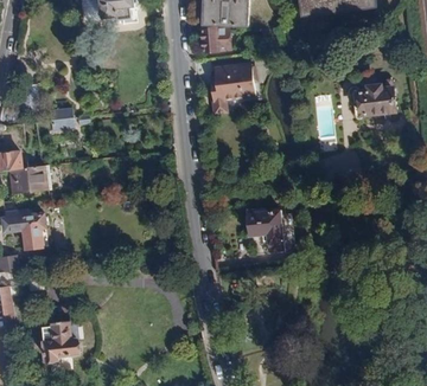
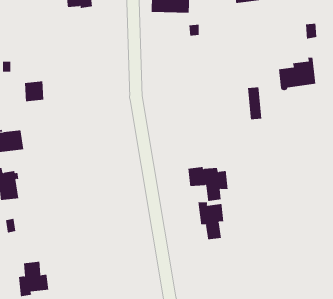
building: [199,26,232,53] -> none
building: [208,63,256,112] -> none
building: none -> [198,201,224,240]

